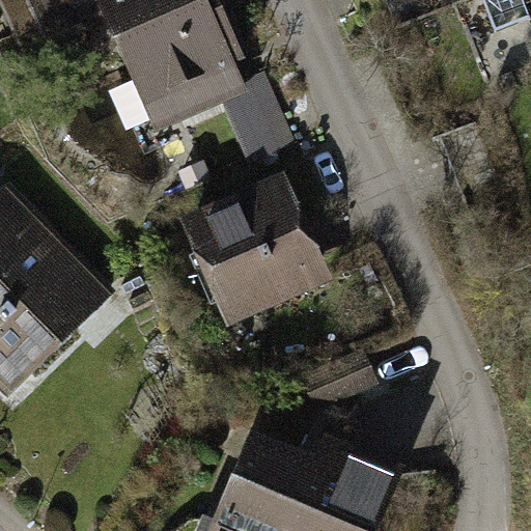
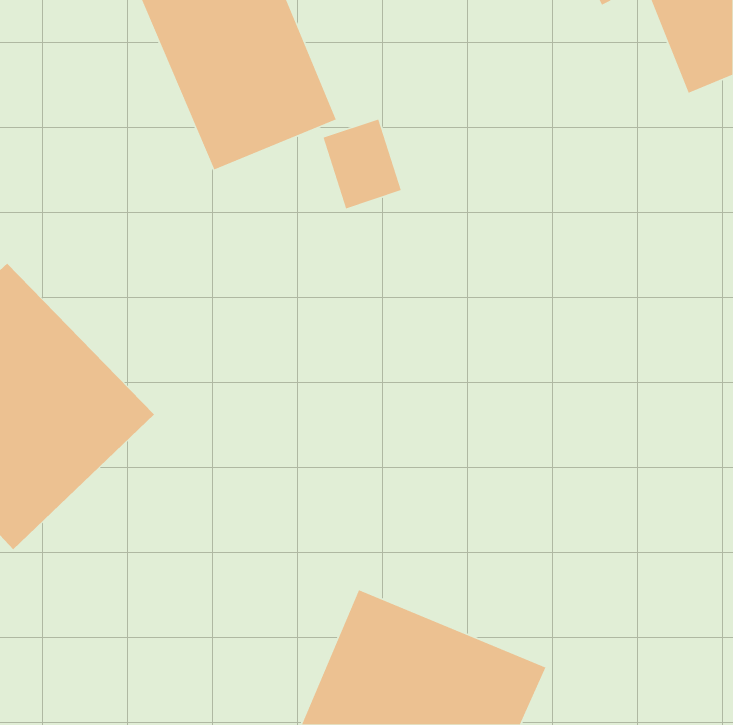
building: [179,175,328,326] -> none

